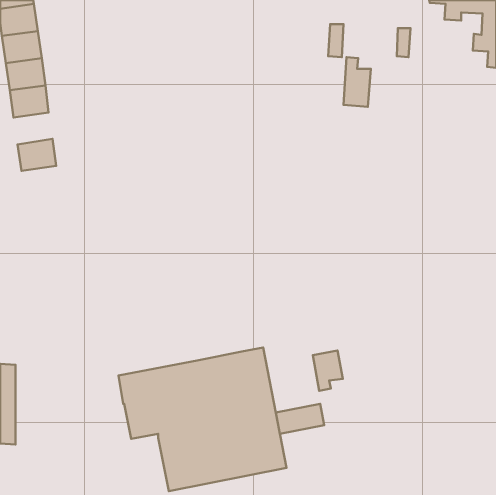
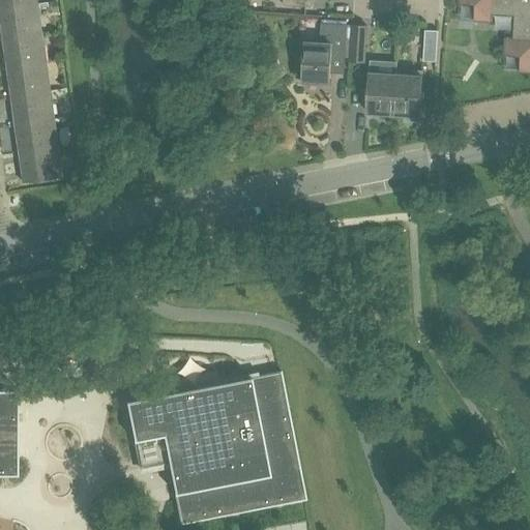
building: none -> [296,25,347,84]
building: none -> [392,70,423,121]
building: none -> [14,121,56,155]
building: [313,350,343,391] -> none
building: [276,404,324,434] -> none

